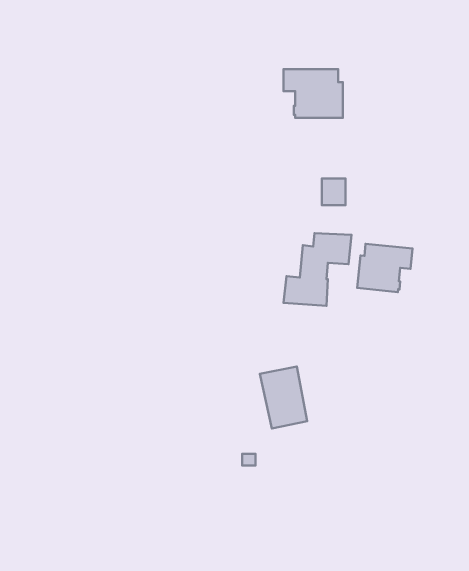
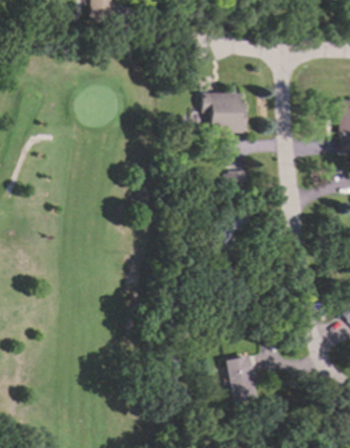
building: [357,244,412,292] -> none
building: [260,366,307,429] -> [225,355,258,397]

